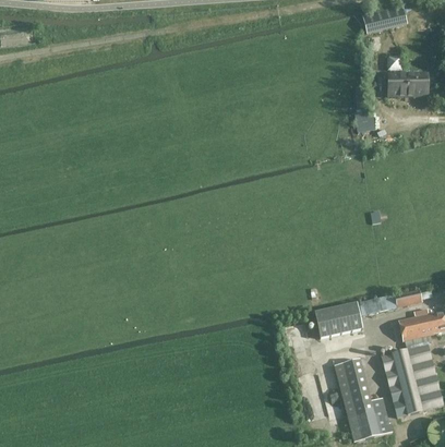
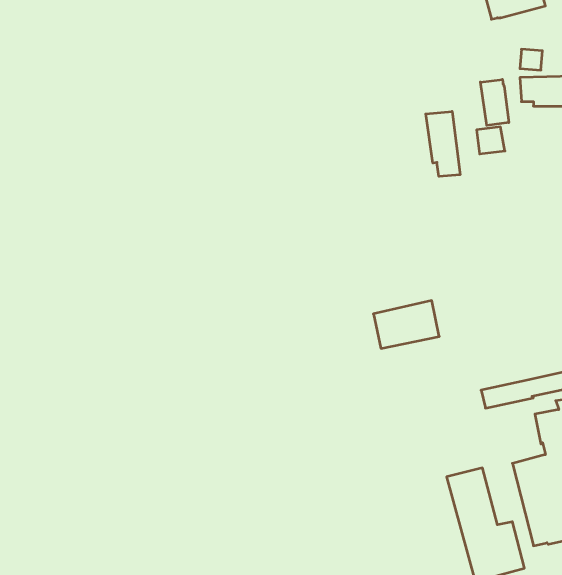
building: none -> [480,79,509,125]
building: none -> [426,111,460,176]
building: [314,302,362,337] -> [373,301,439,348]

